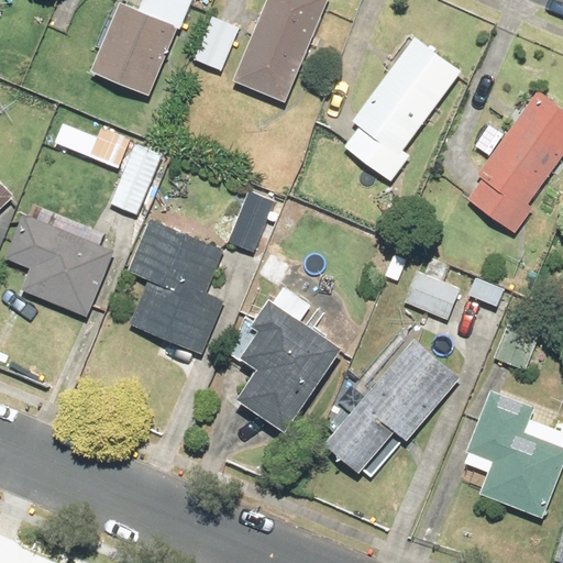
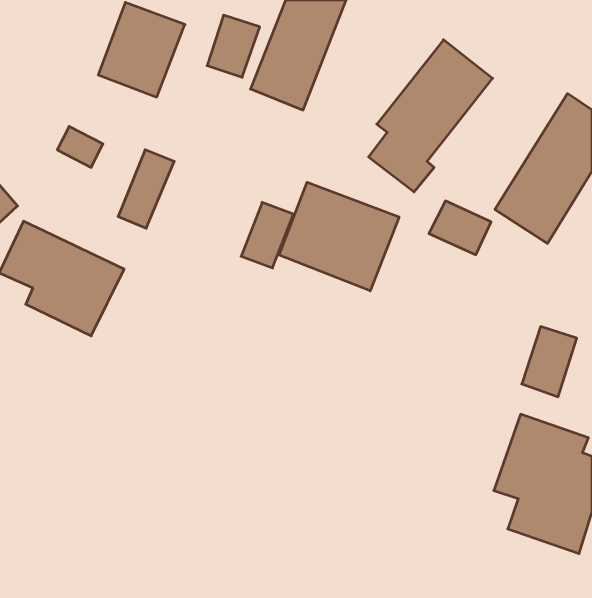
building: none -> [279,182,399,291]
building: [123,218,225,355] -> none
building: [401,268,460,319] -> [429,201,491,255]
building: [231,278,342,429] -> none
building: [327,343,459,474] -> none

